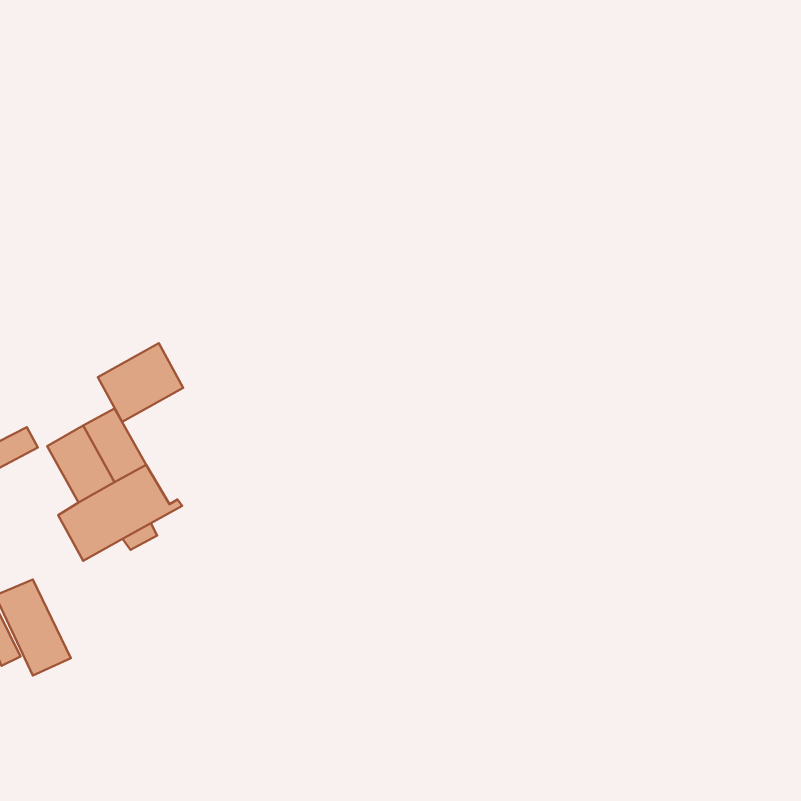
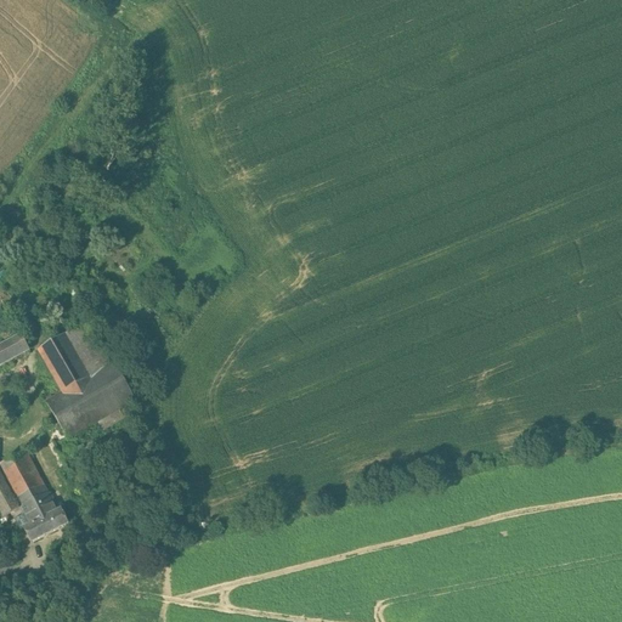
building: [98,343,183,422] -> none
building: none -> [21,508,67,542]

